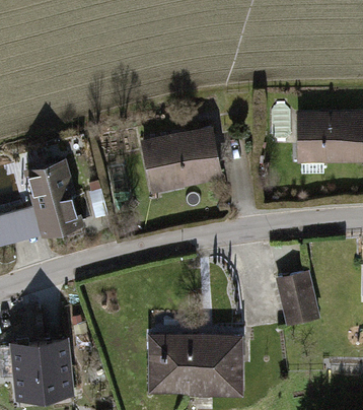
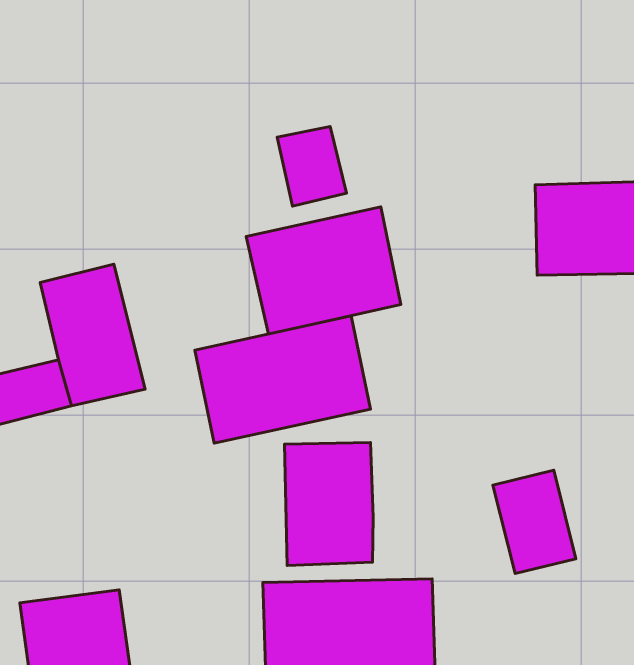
building: none -> [277,126,346,206]
building: none -> [195,316,371,443]
building: none -> [284,442,373,566]

